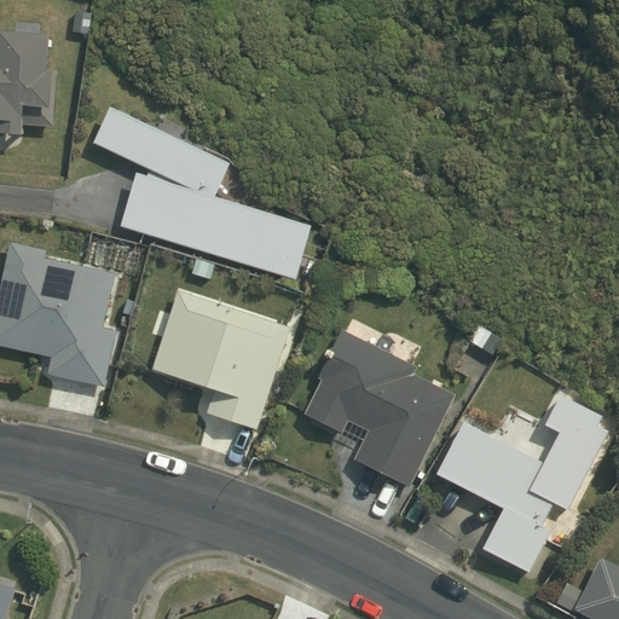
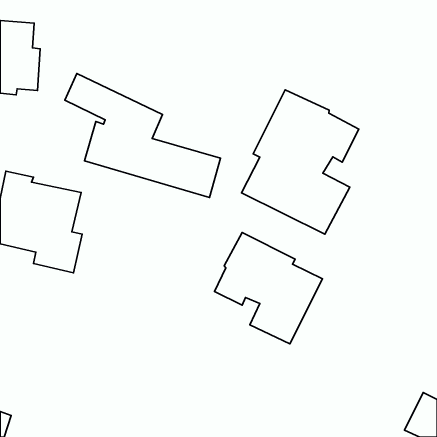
building: none -> [241,90,359,234]
building: [151,288,291,429] -> none
building: [434,391,608,572] -> none

